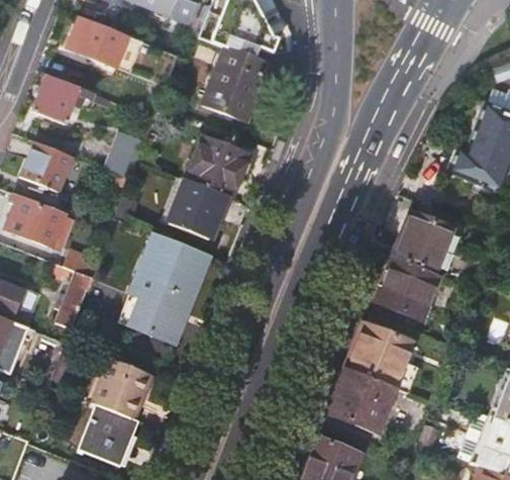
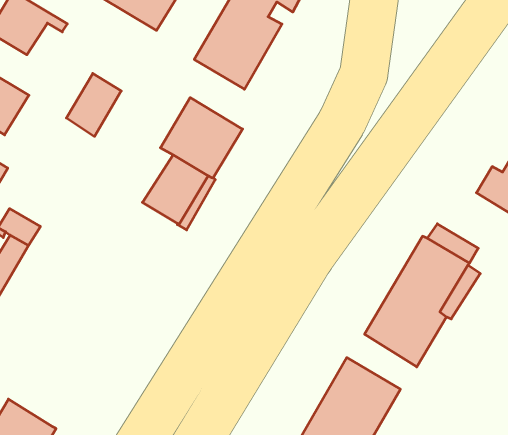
building: [127,227,215,344] -> none
building: [93,359,152,419] -> none

